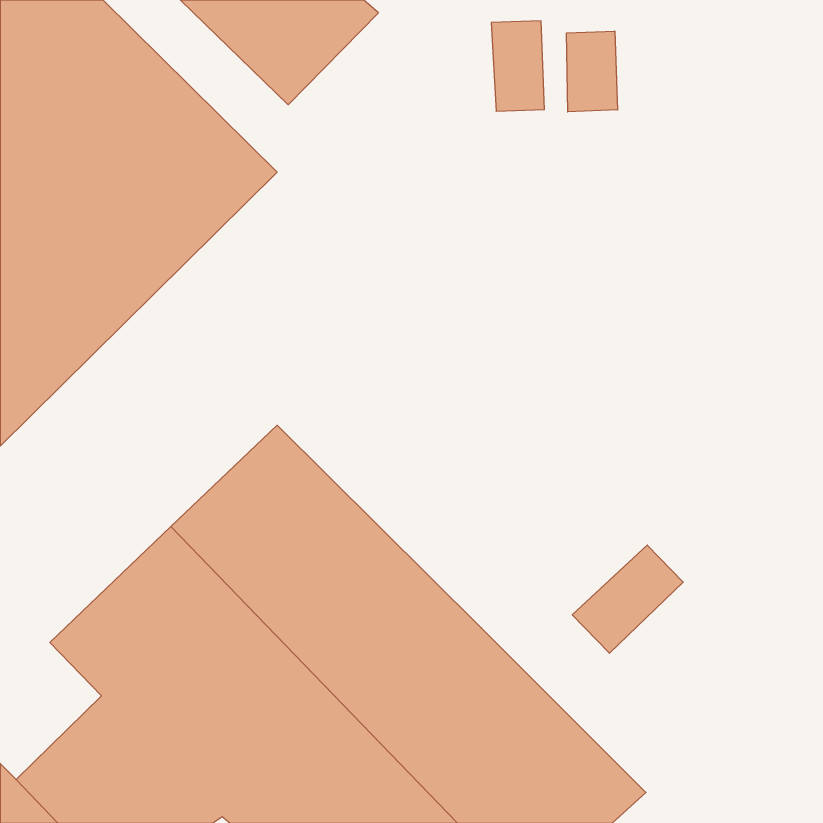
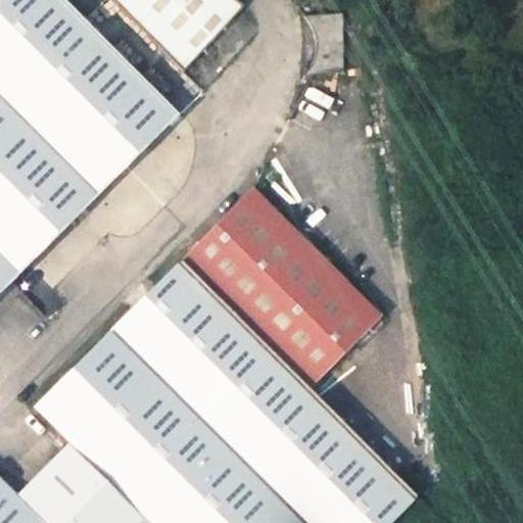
building: [567,31,618,112] -> none
building: none -> [176,191,384,398]
building: [572,545,683,653] -> none

